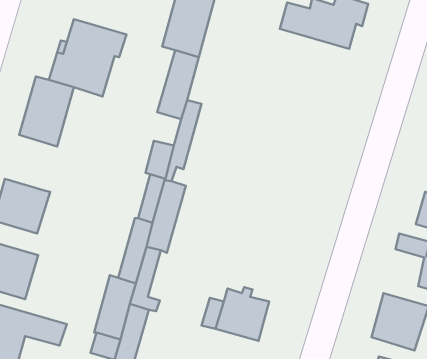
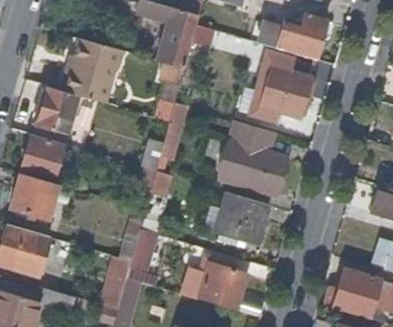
building: none -> [247,53,315,122]
building: none -> [219,122,286,196]
building: none -> [22,135,67,183]
building: none -> [215,193,268,246]

